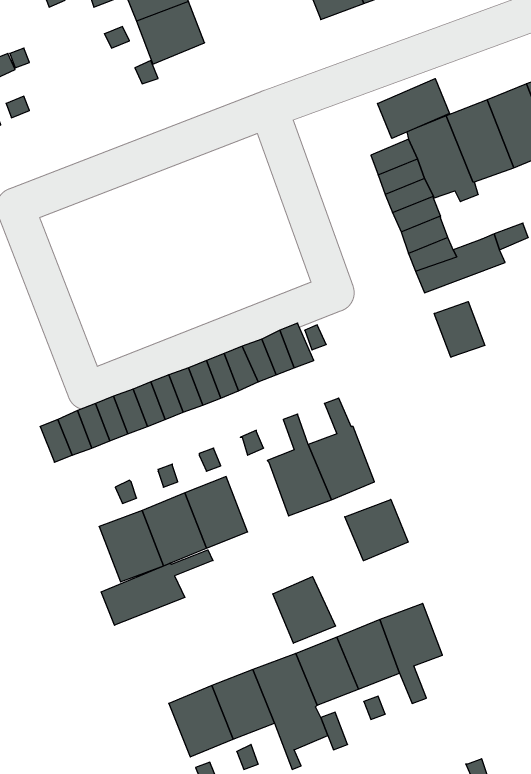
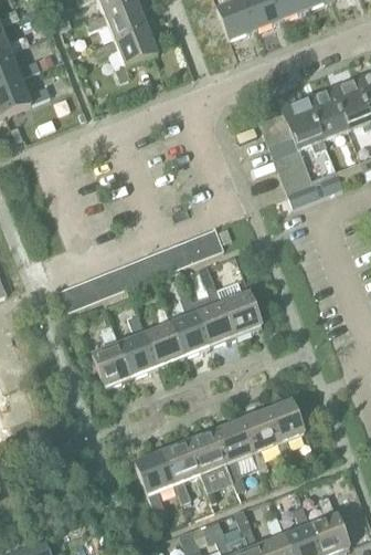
building: [378,79,450,138] -> none
building: [434,302,485,357] -> none
building: none -> [170,310,209,354]
building: [345,499,408,561] -> none
building: [101,550,213,625] -> none
building: [273,577,336,643] -> none

